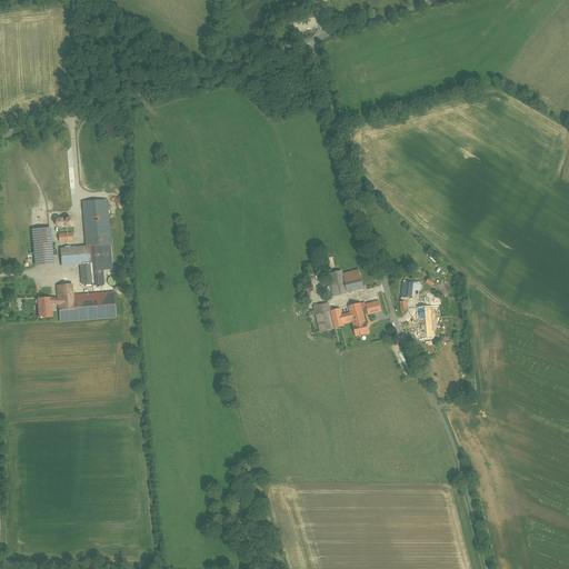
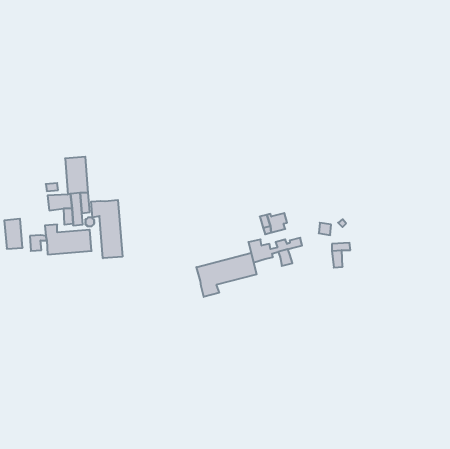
building: [31,227,54,264] -> [4,219,23,249]
building: none -> [91,200,122,258]
building: none -> [196,253,257,297]

